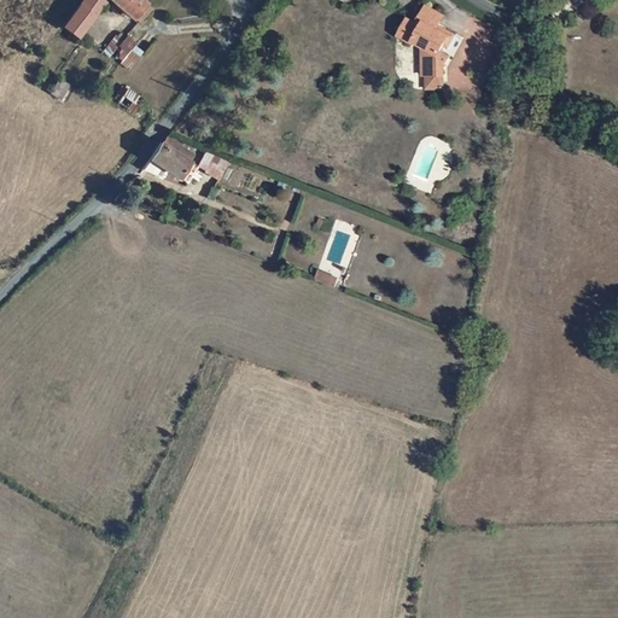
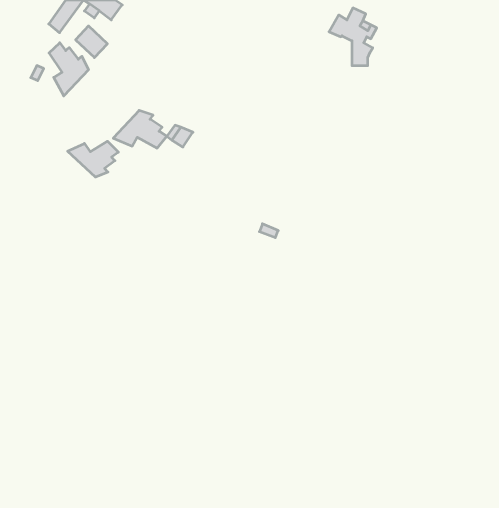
building: none -> [49,43,88,96]
building: none -> [68,141,118,177]

